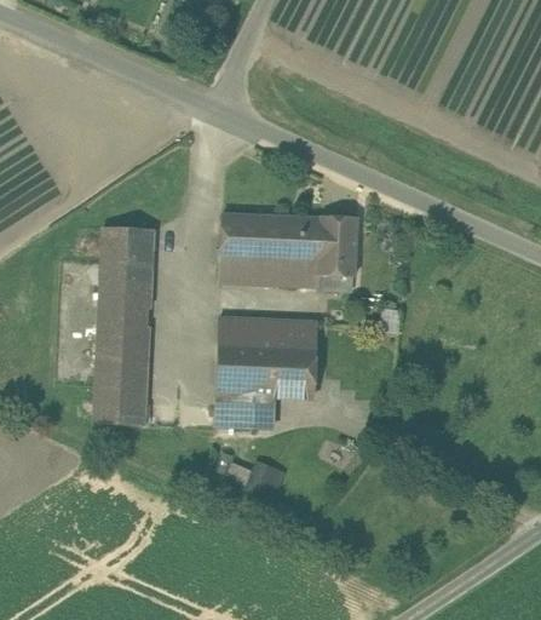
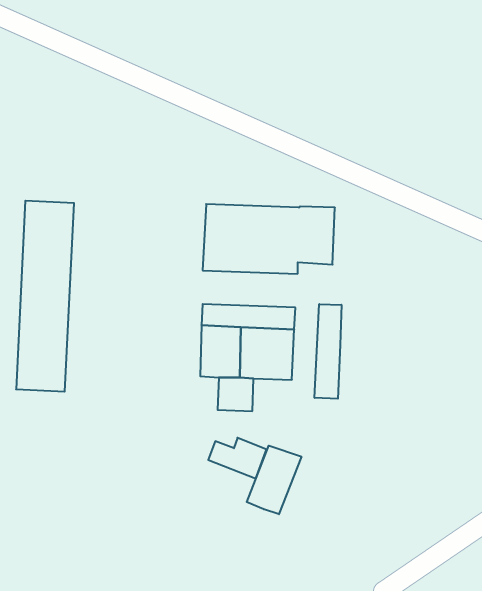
building: [94,226,155,425] -> [16,201,74,392]
building: none -> [315,304,341,399]
building: none -> [247,446,301,514]

